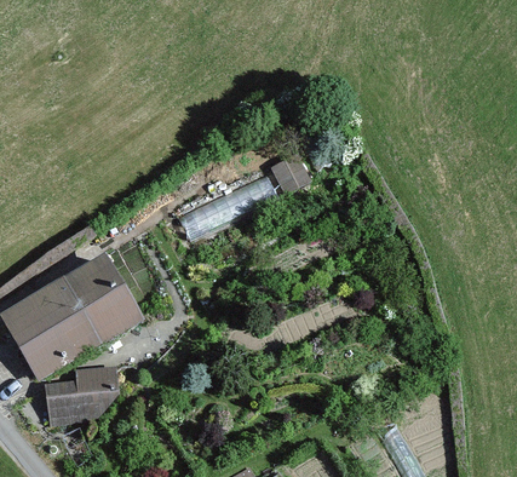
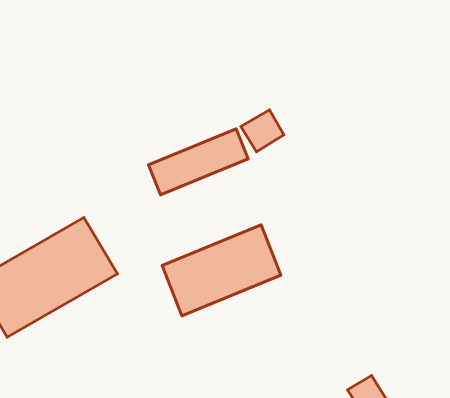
building: none -> [162,225,281,316]
building: [47,370,114,420] -> none

